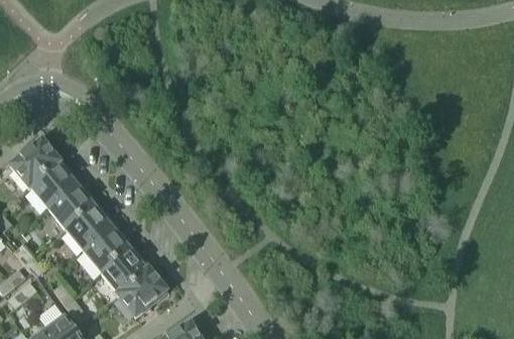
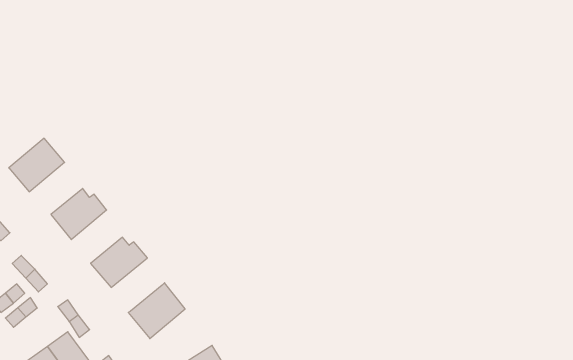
building: [28,160,76,208] -> none
building: [66,204,111,251] -> none
building: [101,246,146,294] -> none

